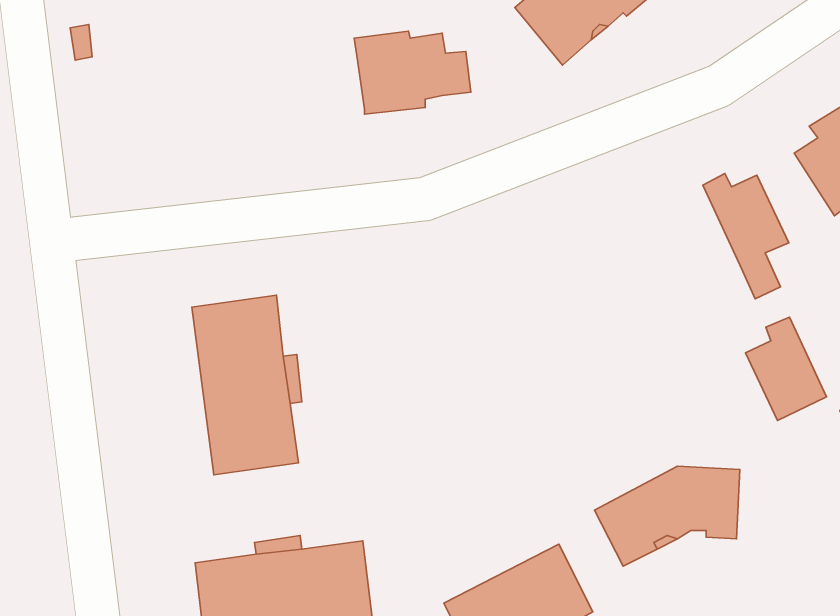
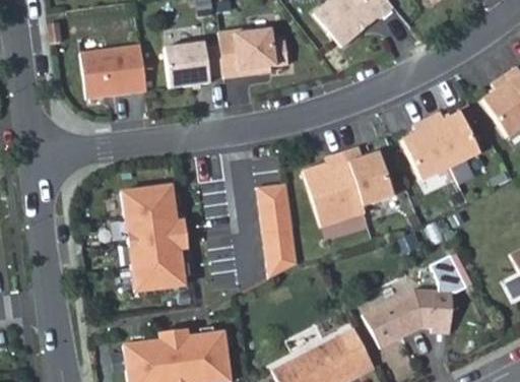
building: none -> [165,42,224,87]
building: none -> [80,43,147,98]
building: none -> [304,147,393,227]
building: none -> [257,183,298,278]
building: [745,317,827,420] -> [401,119,450,181]

